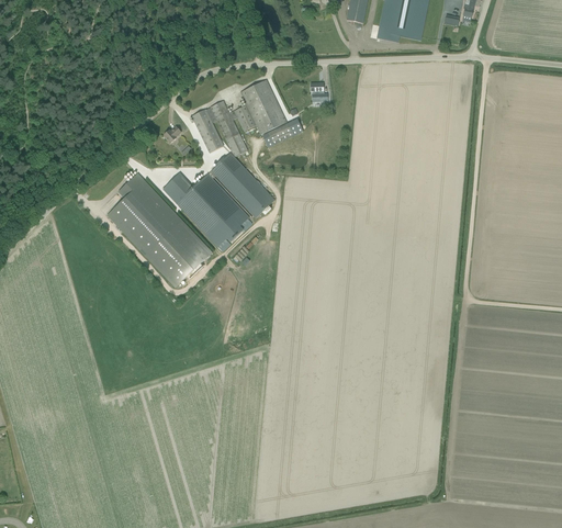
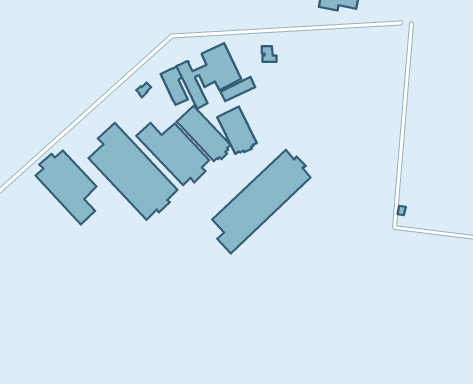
building: none -> [217,107,257,154]
building: none -> [212,150,311,253]
building: none -> [35,151,96,224]

